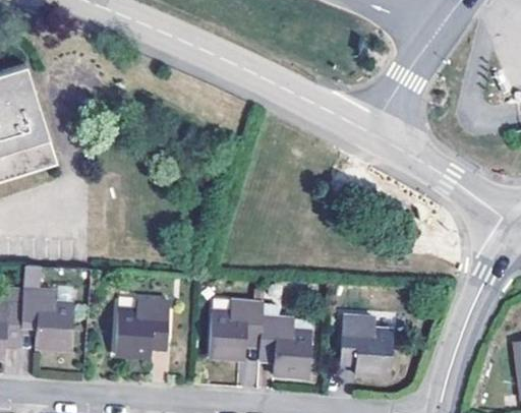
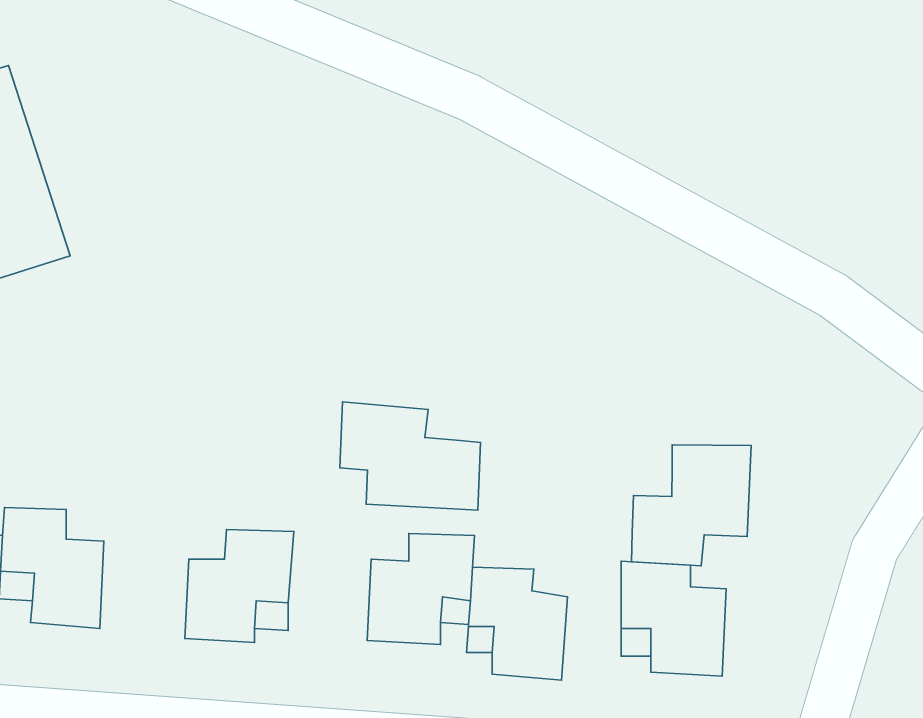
building: none -> [340,402,480,510]
building: none -> [632,445,751,566]

